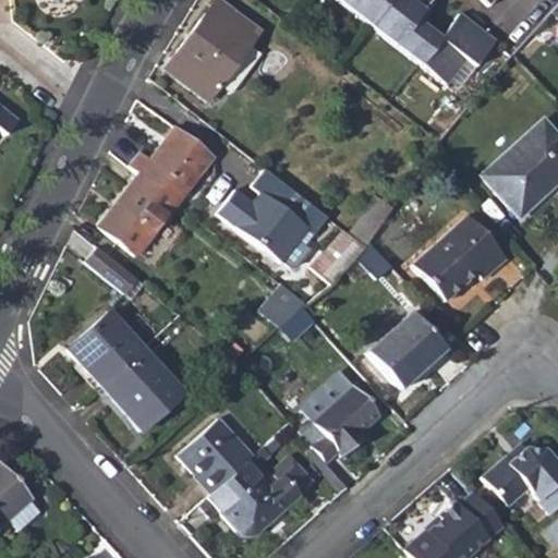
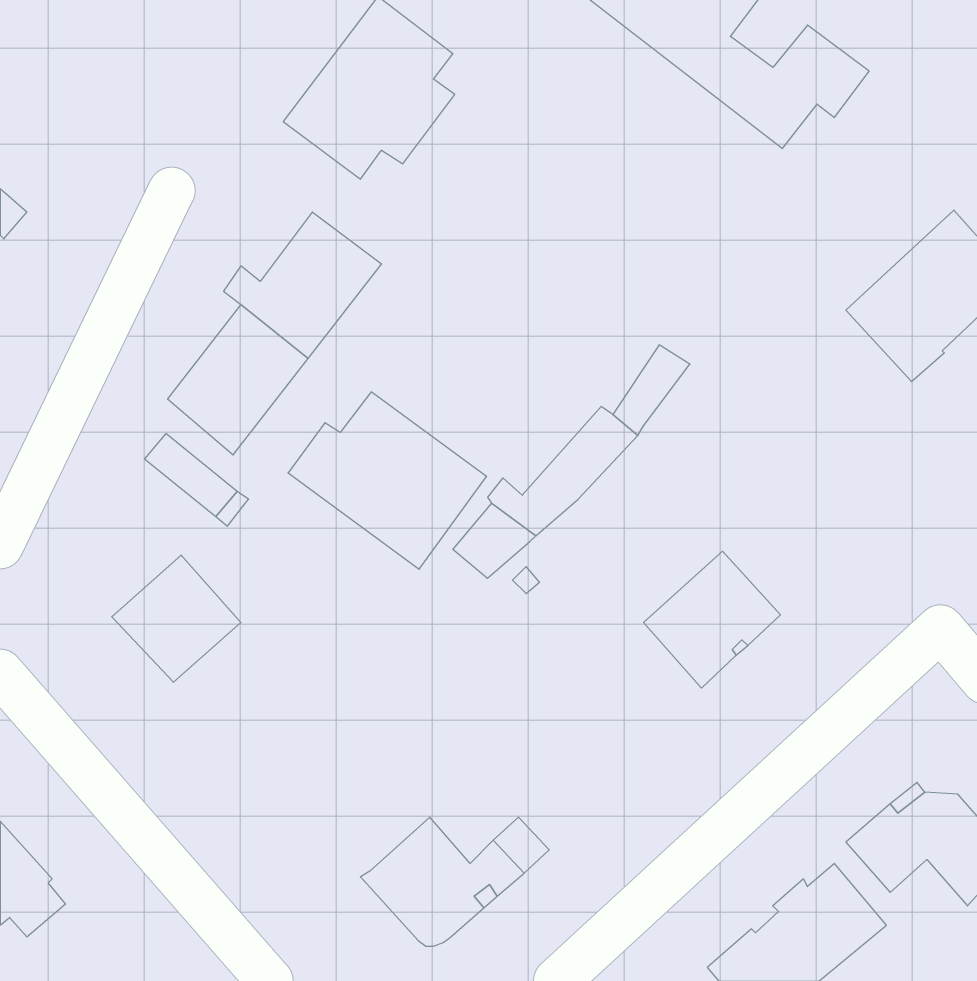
building: [220,165,332,265] -> [288,392,487,569]
building: [413,215,507,301] -> none
building: [102,348,184,432] -> none
building: [298,374,380,462] -> none
building: [180,418,254,493] -> none

